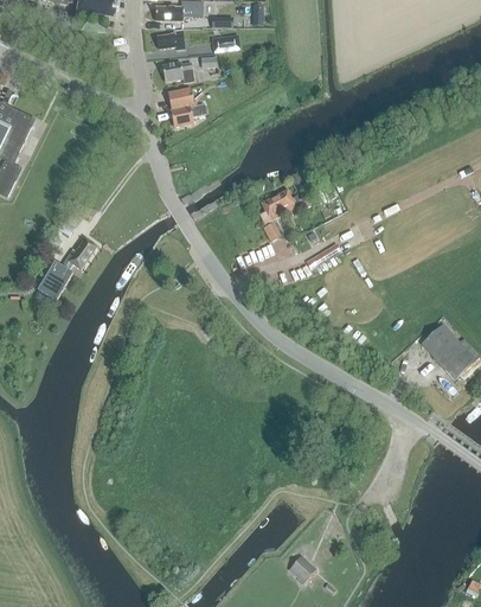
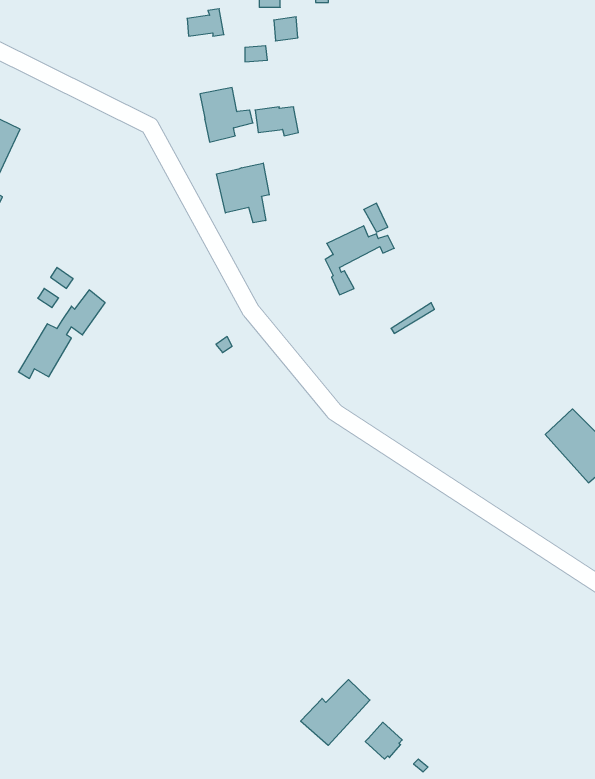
building: [162,62,194,83] -> [255,107,298,136]
building: none -> [217,163,269,223]
building: none -> [301,680,370,745]

